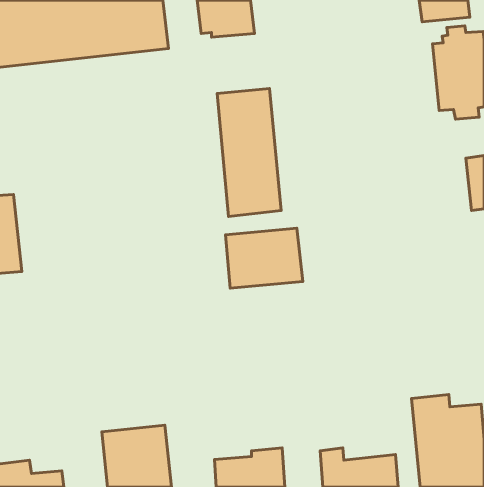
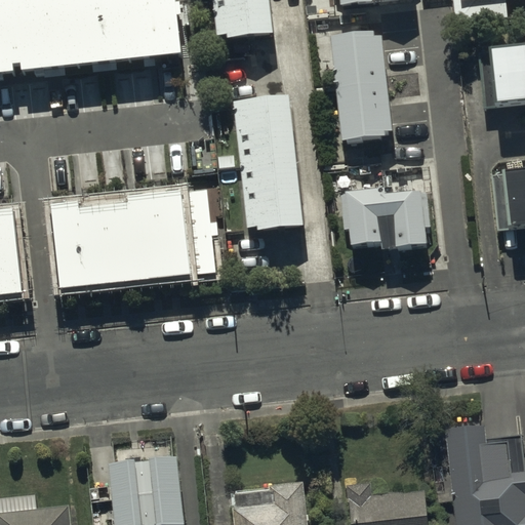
building: none -> [330,31,393,140]
building: none -> [51,189,215,290]
building: [226,228,303,288] -> [345,186,428,250]

